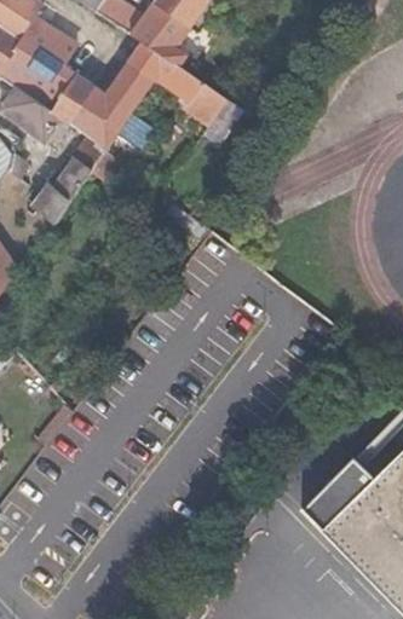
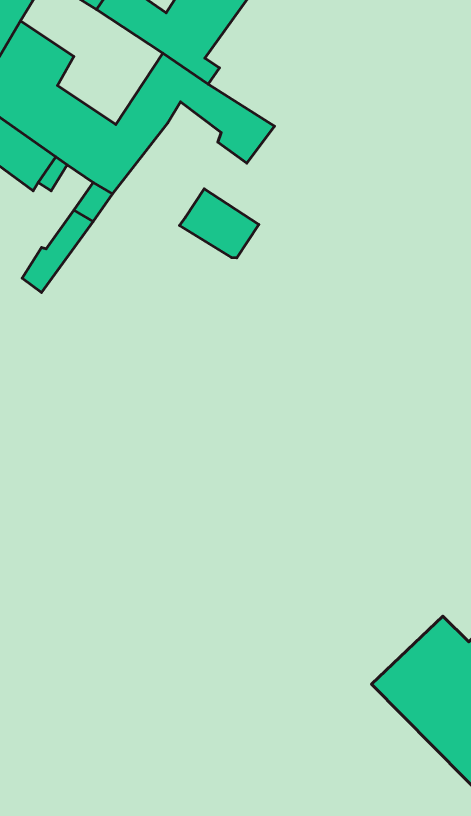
building: none -> [180,189,259,258]

